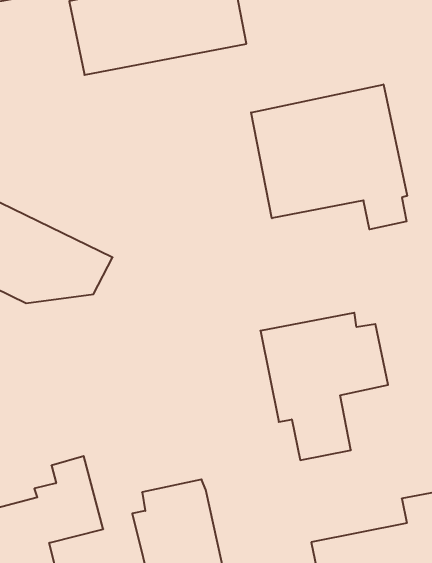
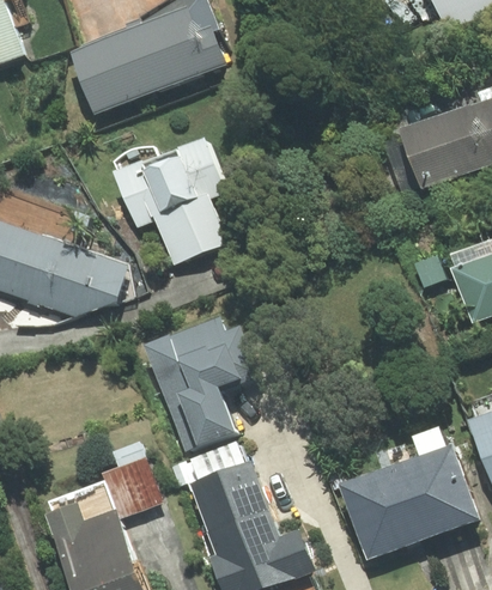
building: [251,84,407,229] -> none
building: none -> [109,144,230,263]
building: [260,313,388,460] -> [146,318,261,450]

